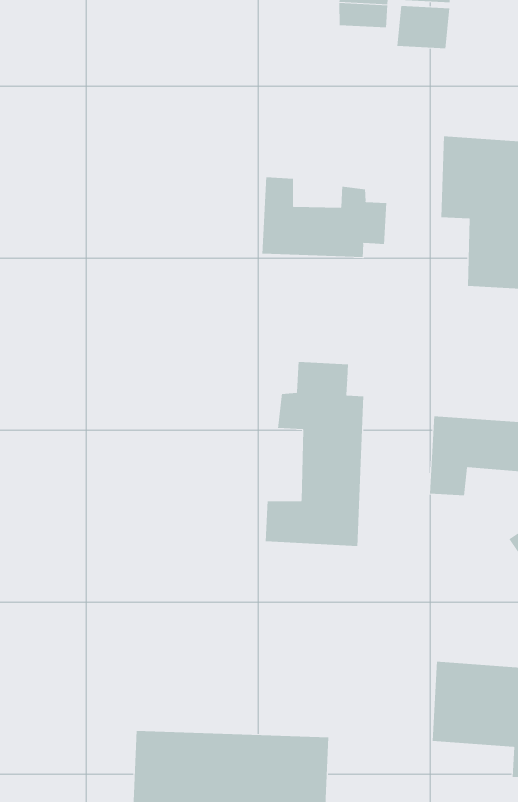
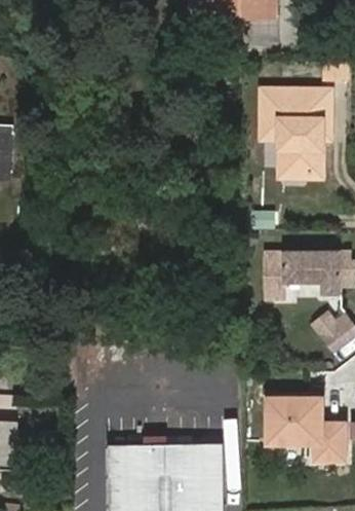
building: [262,177,387,258] -> none
building: [265,361,364,547] -> none

